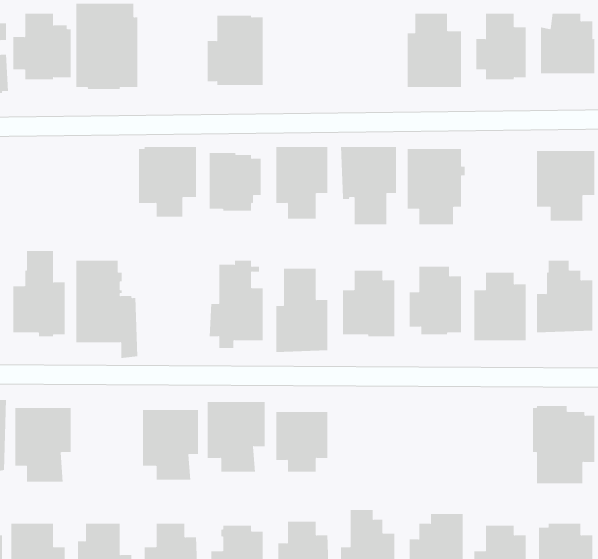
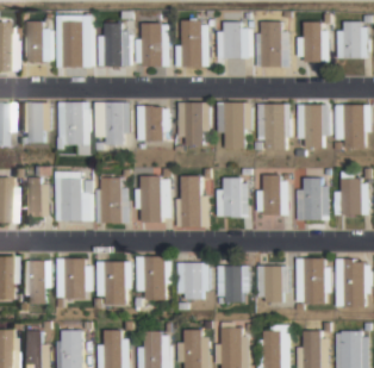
building: none -> [175,20,210,68]
building: none -> [217,21,251,60]
building: none -> [96,23,132,67]
building: none -> [17,102,48,143]
building: none -> [55,102,88,150]
building: none -> [297,105,329,149]
building: none -> [96,177,130,223]
building: none -> [295,258,331,305]
building: none -> [55,260,91,300]
building: none -> [256,266,288,302]
building: none -> [217,267,249,302]

